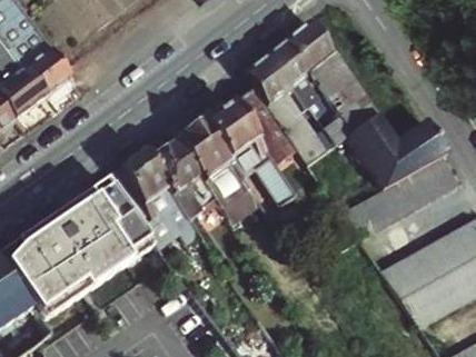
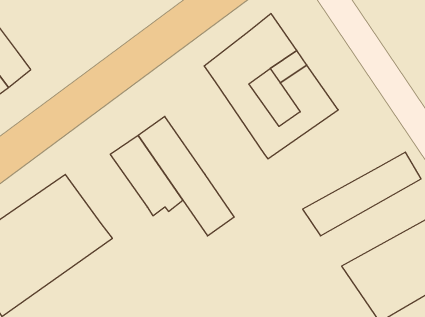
building: [205,87,314,231] -> none
building: [346,116,448,190] -> none
building: [106,149,192,247] -> none

